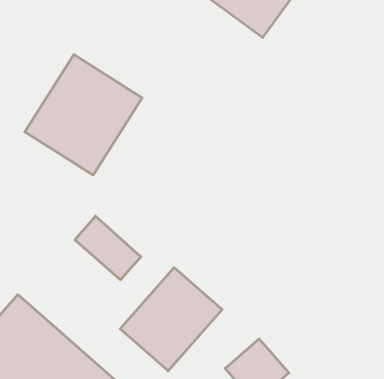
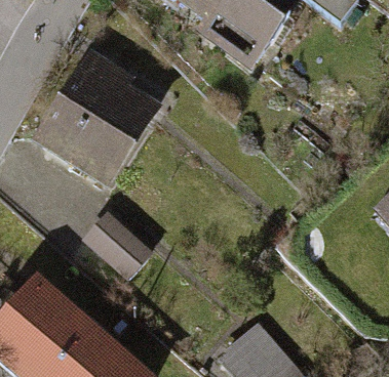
building: [120,268,222,371] -> none

